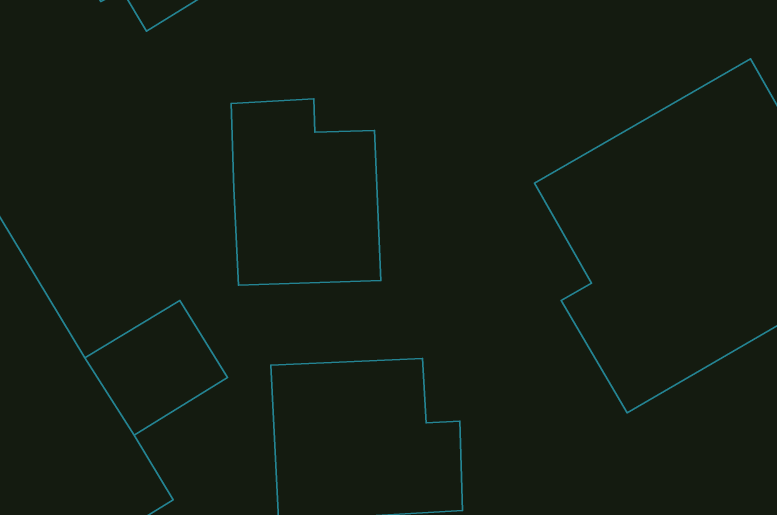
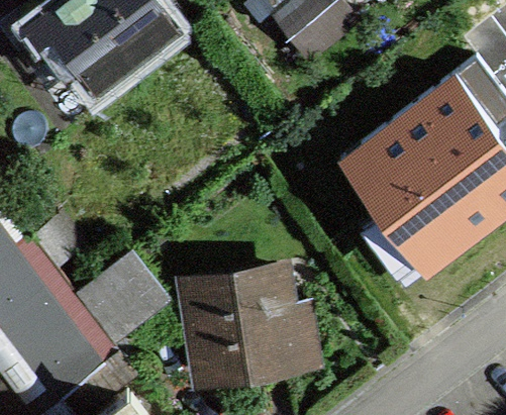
building: [231,99,381,285] -> none

